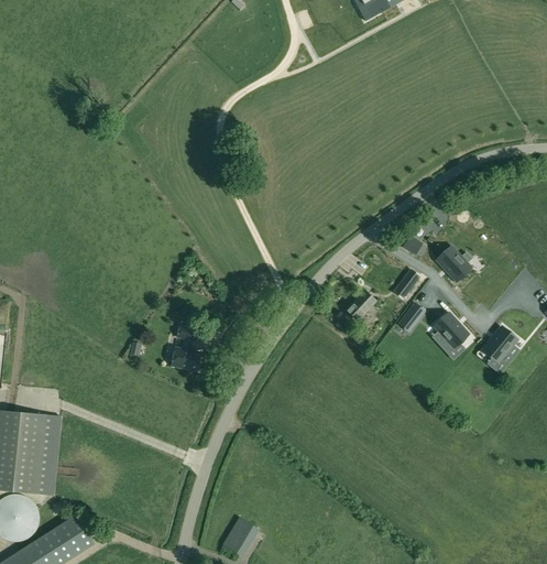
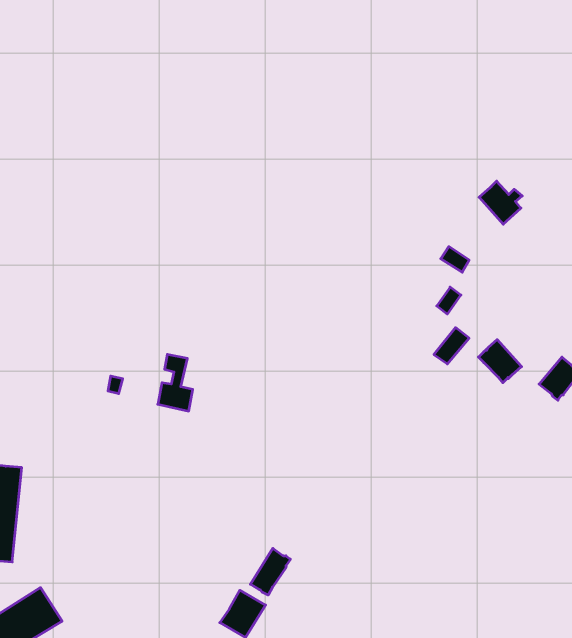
building: [436,247,471,282] -> [479,181,522,224]
building: [346,291,375,322] -> none
building: none -> [250,548,290,595]

